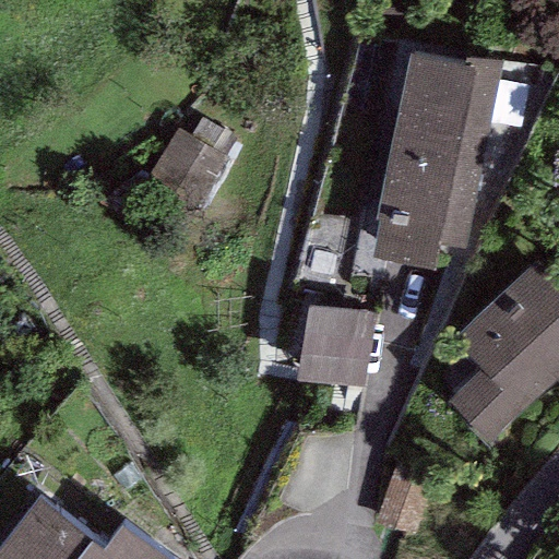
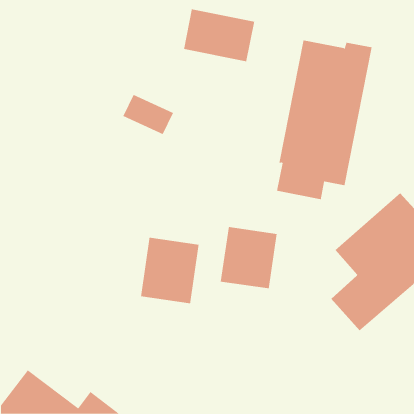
building: none -> [184,9,255,62]
building: none -> [140,237,199,304]

